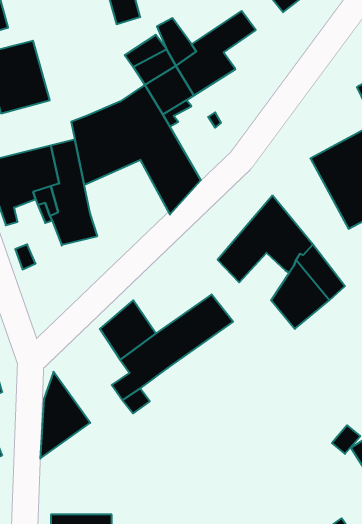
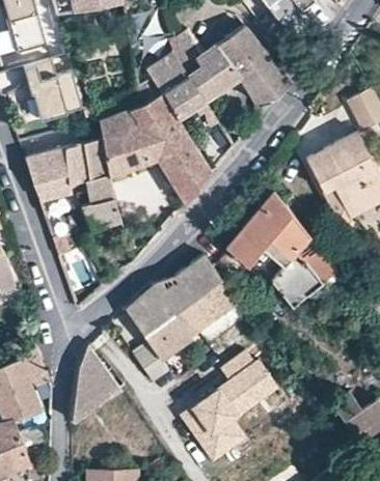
building: none -> [233,46,291,108]
building: none -> [154,253,222,310]
building: none -> [179,352,280,469]

